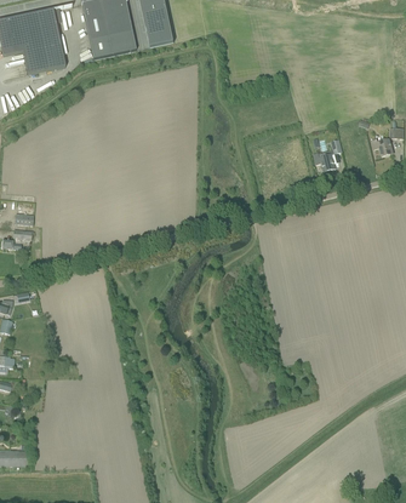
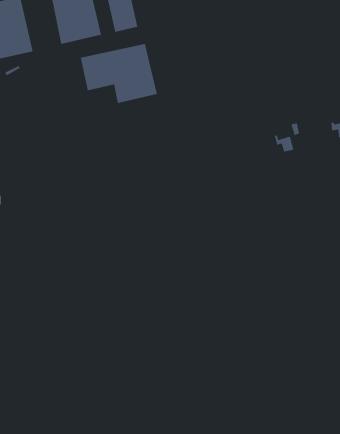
building: none -> [80,43,157,104]

